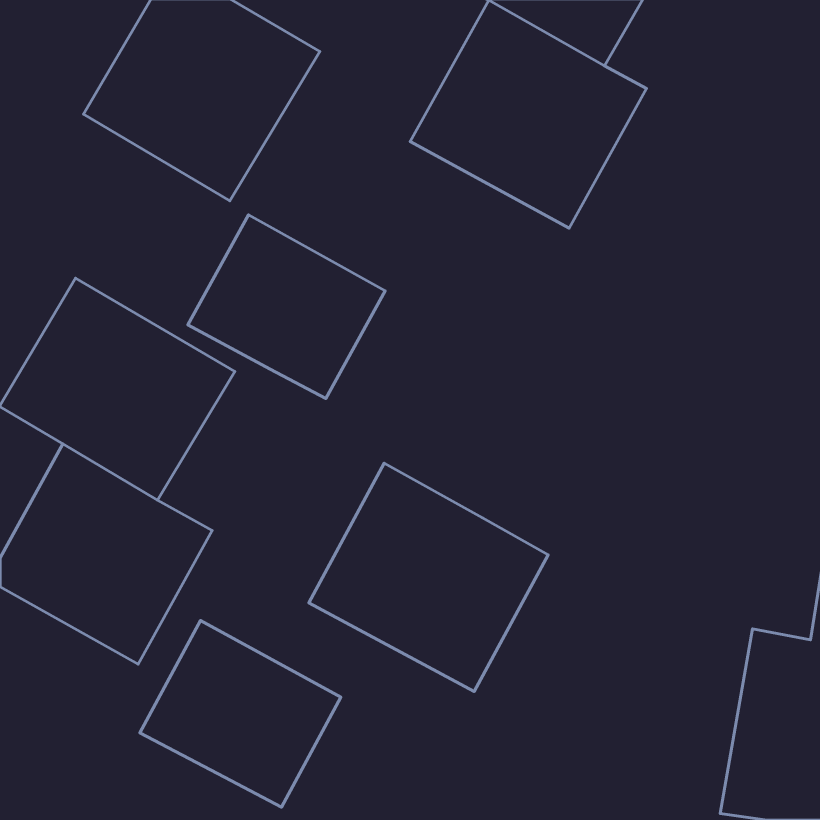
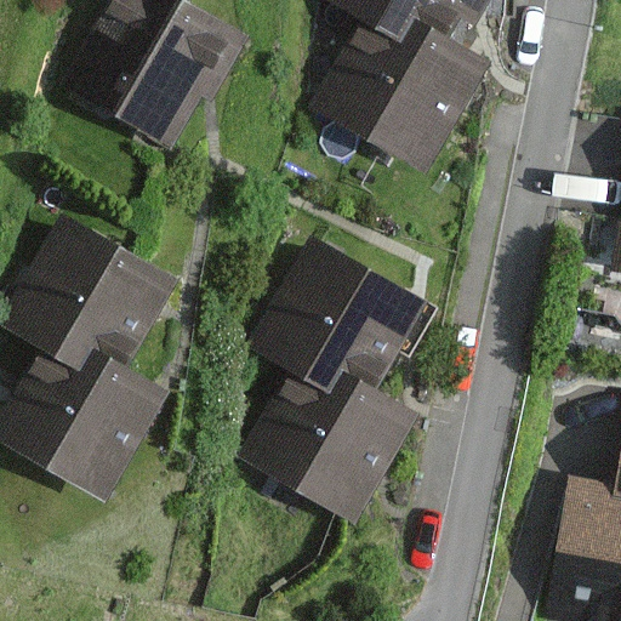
building: [188,215,385,399] -> none
building: none -> [258,240,416,391]
building: [140,621,341,807] -> none

